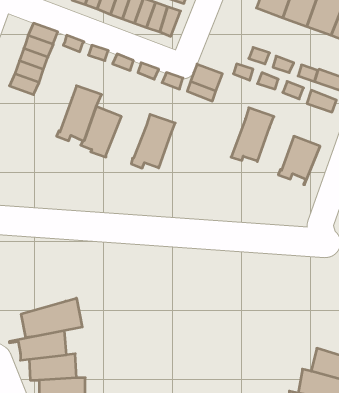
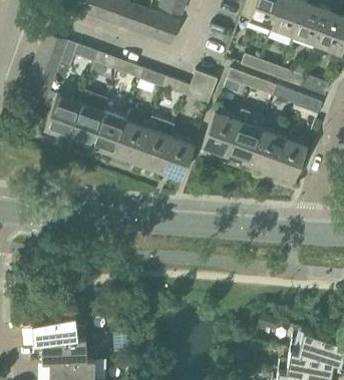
building: none -> [45,93,80,132]
building: none -> [203,111,239,157]
building: none -> [111,118,148,156]
building: none -> [247,128,283,167]
building: none -> [156,134,194,178]
building: [21,298,82,338] -> none

